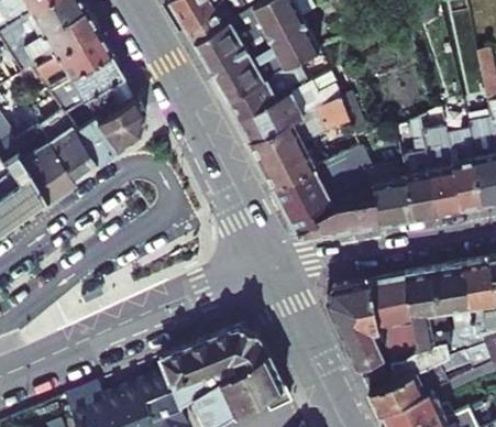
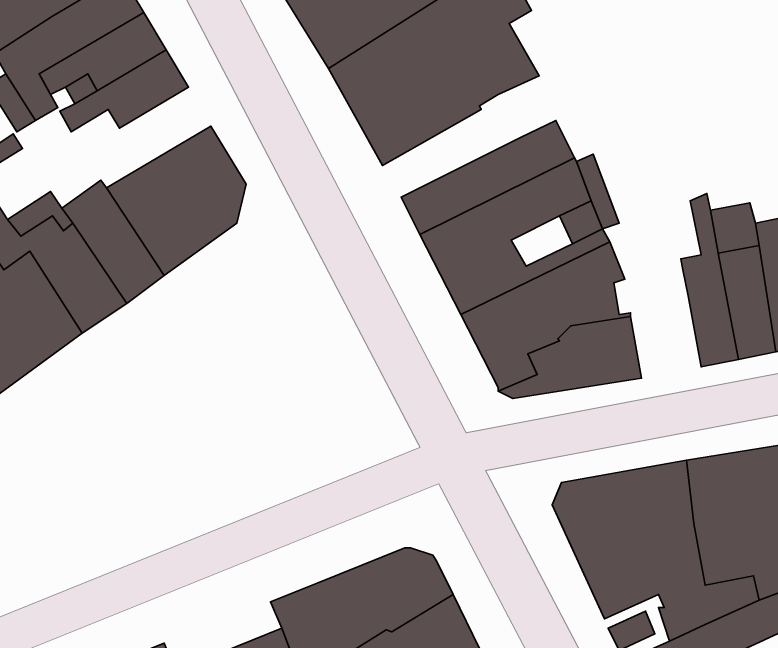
building: [49,55,126,114] -> none
building: [228,59,309,120] -> none
building: [364,165,416,227] -> none

